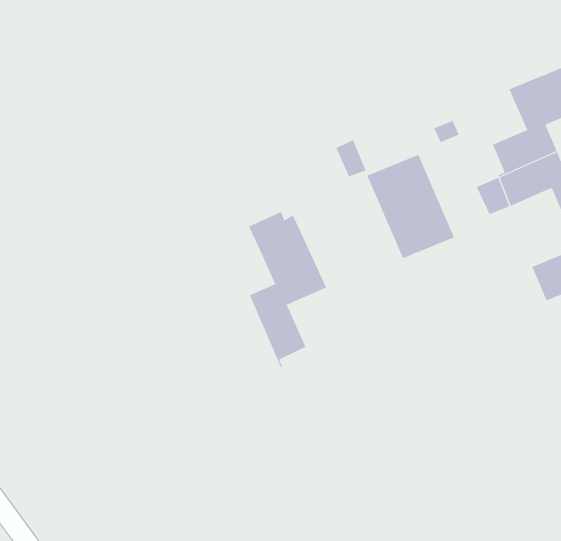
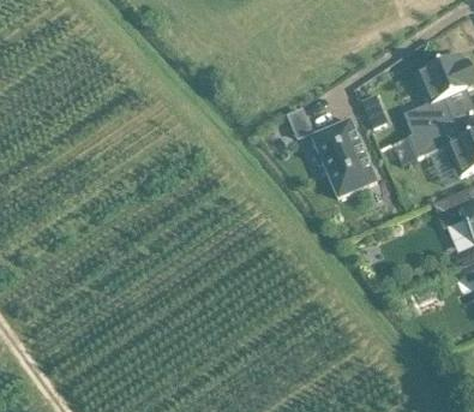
building: [248,211,327,368] -> none

